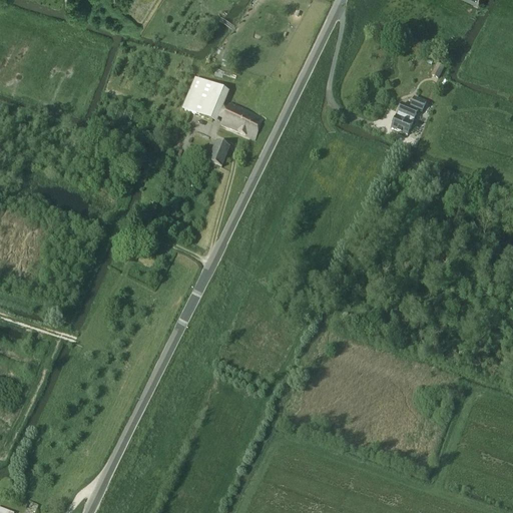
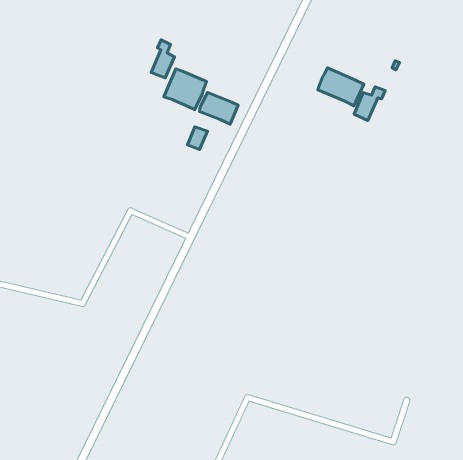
building: none -> [151,40,175,78]
building: none -> [318,68,364,106]

